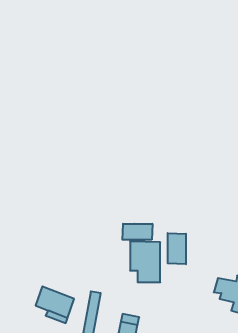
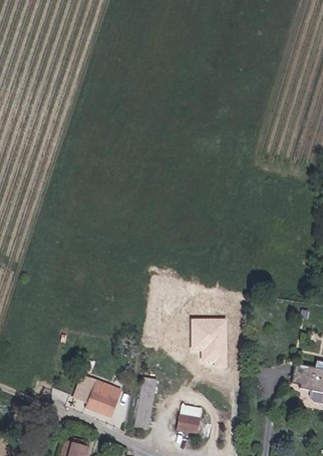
building: [122,224,152,240] -> none
building: [168,233,186,264] -> none

